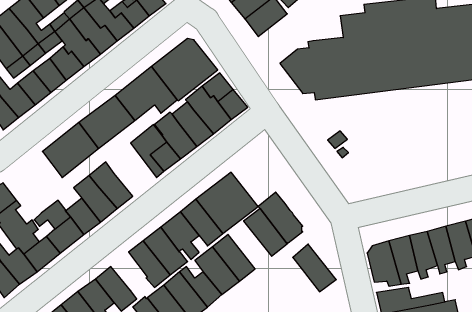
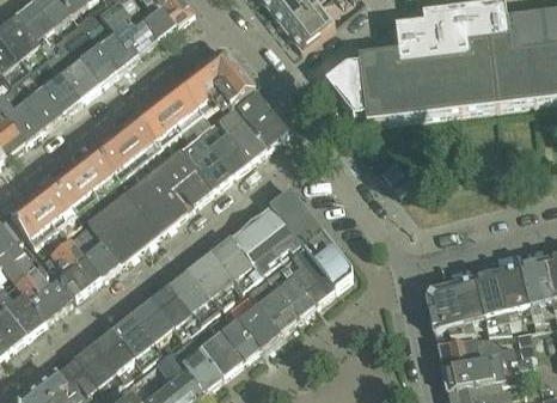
building: none -> [124,171,183,232]
building: none -> [10,181,74,243]
building: none -> [269,188,320,244]
building: [293,244,336,292] -> [265,261,316,316]
building: none -> [130,297,172,341]

